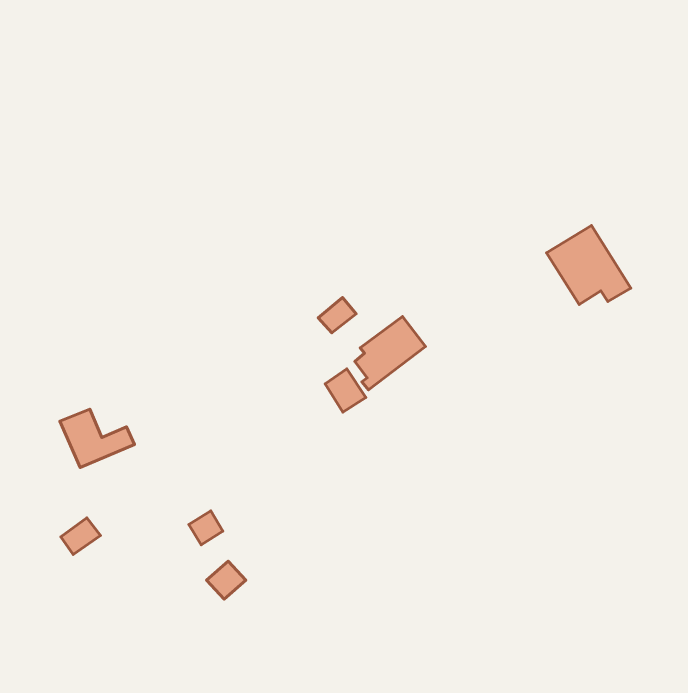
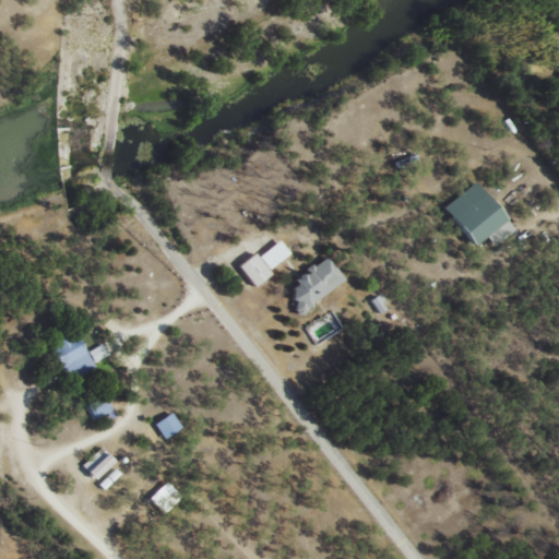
building: [325,369,366,412] -> [240,252,273,287]
building: [61,518,100,554] -> [84,449,116,478]
building: [207,561,246,599] -> [152,483,183,513]

